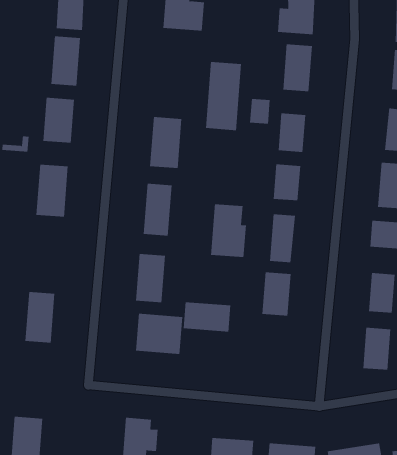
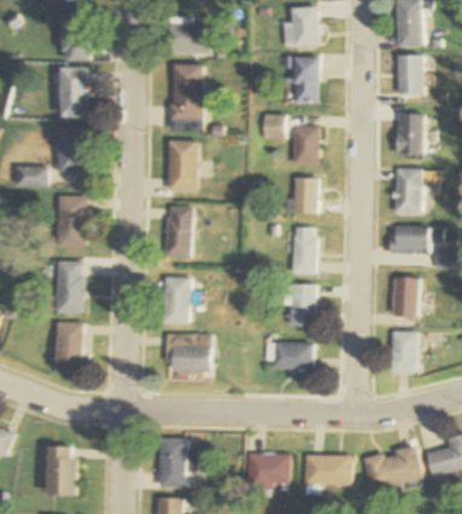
building: [205,62,242,131] -> [169,63,201,129]
building: [210,203,246,258] -> none
building: none -> [57,260,83,312]
building: [183,302,231,332] -> [267,342,313,369]

